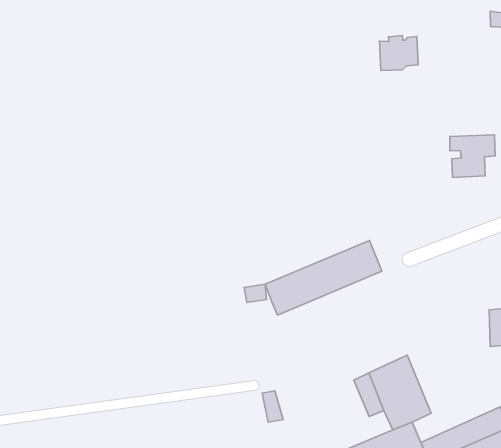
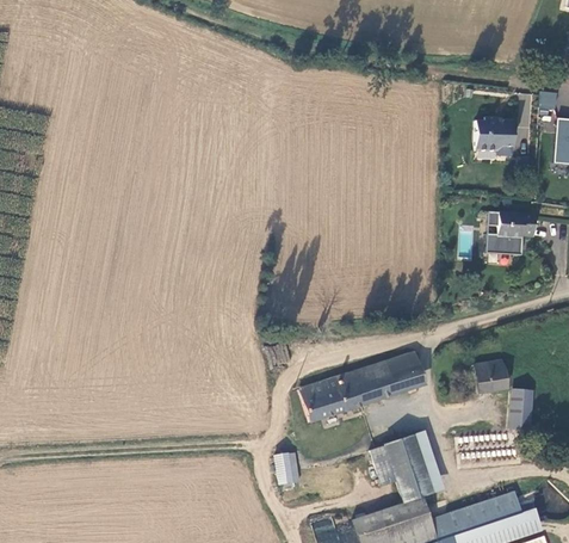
building: [379,36,418,71] -> [475,116,514,150]
building: [265,241,382,315] -> [301,354,420,421]
building: none -> [475,358,506,391]

